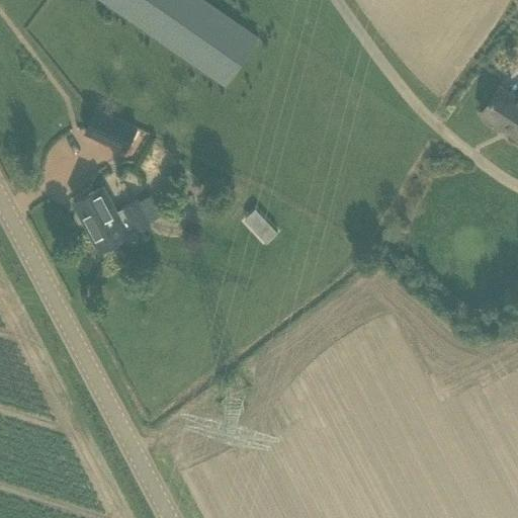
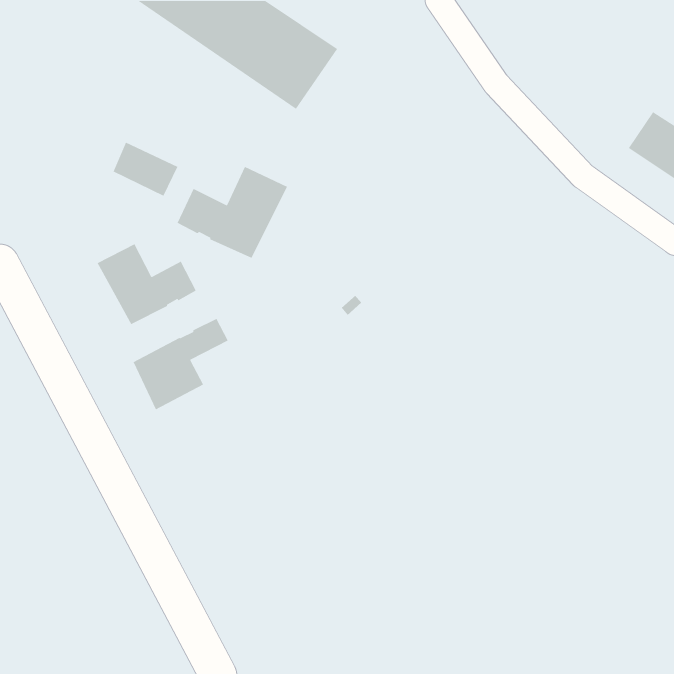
building: none -> [176,166,288,259]
building: none -> [133,318,229,411]

